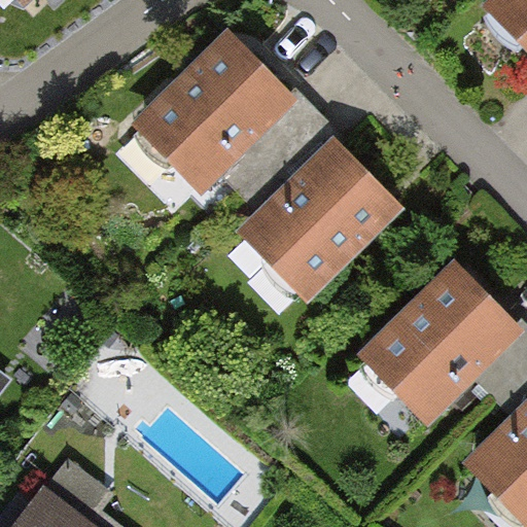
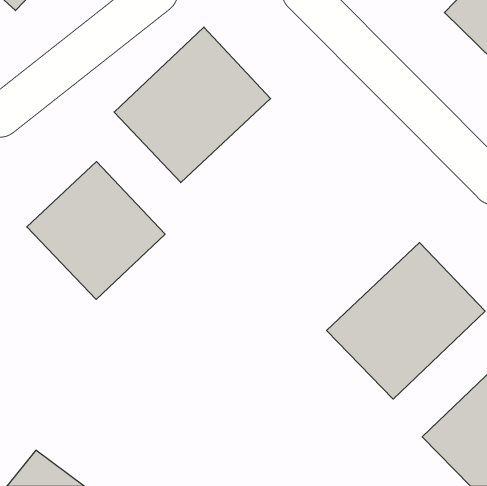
building: [242,142,408,307] -> none
building: none -> [27,162,165,299]

